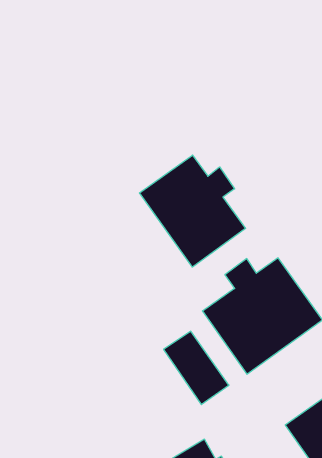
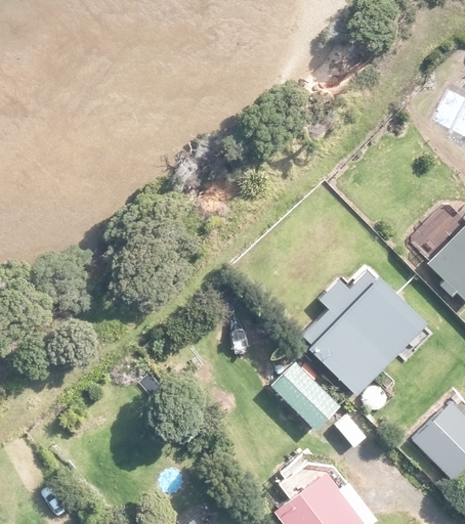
building: [139,155,246,267] -> none

